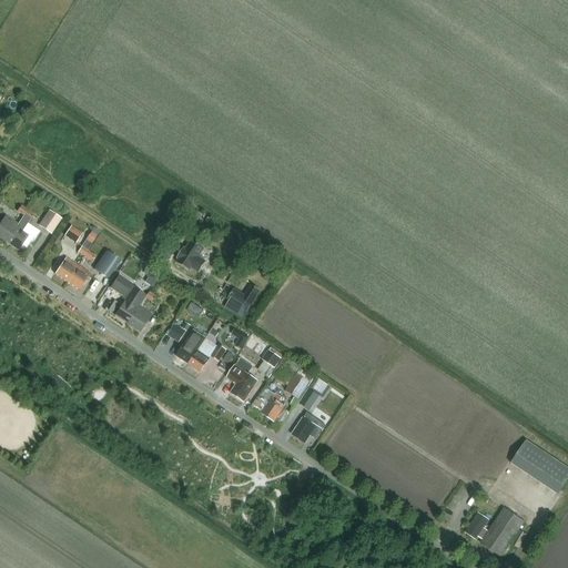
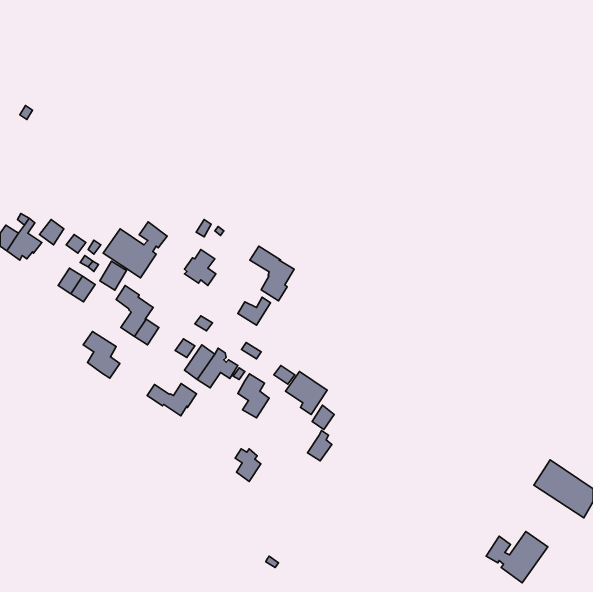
building: none -> [103,222,167,278]
building: none -> [250,246,294,301]
building: none -> [83,331,120,378]
building: none -> [147,383,197,416]
building: [262,389,286,420] -> [235,449,261,481]

